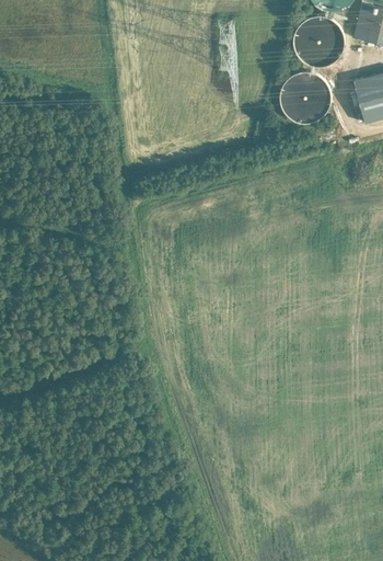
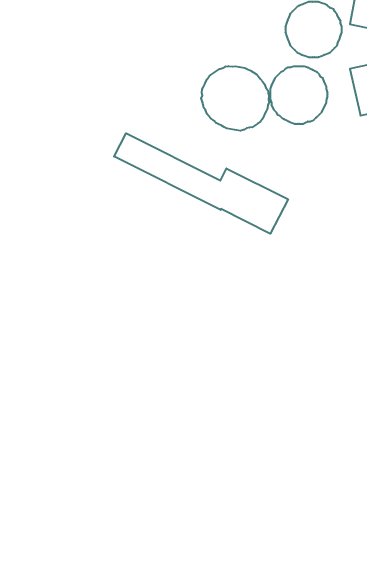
building: none -> [201,66,269,131]
building: none -> [114,133,288,234]

